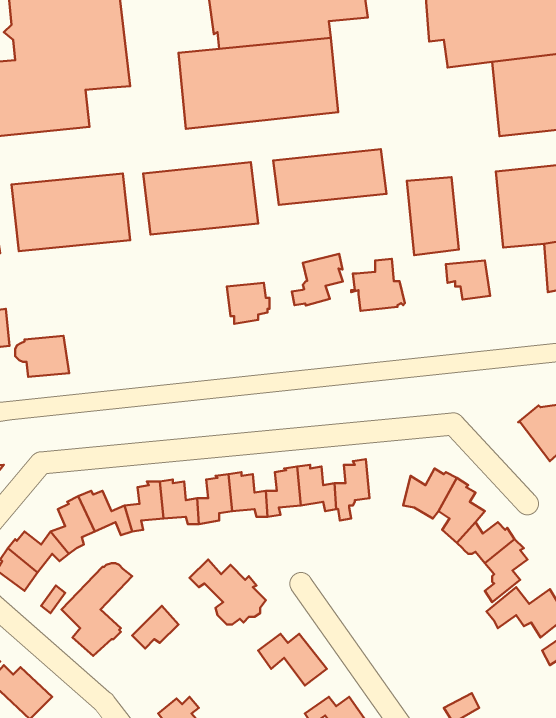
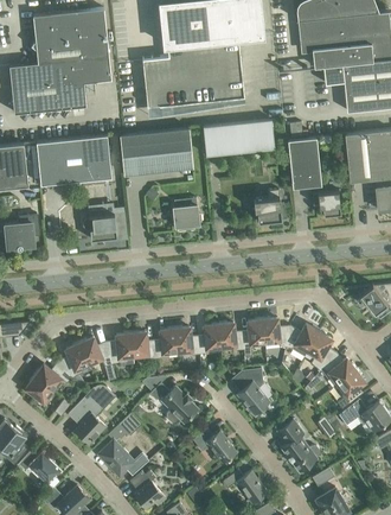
building: [292,254,343,306] -> none
building: [15,336,69,377] -> [83,214,117,240]
building: none -> [262,317,290,348]
building: none -> [237,369,269,414]
building: none -> [277,420,320,472]
building: none -> [98,440,137,477]

